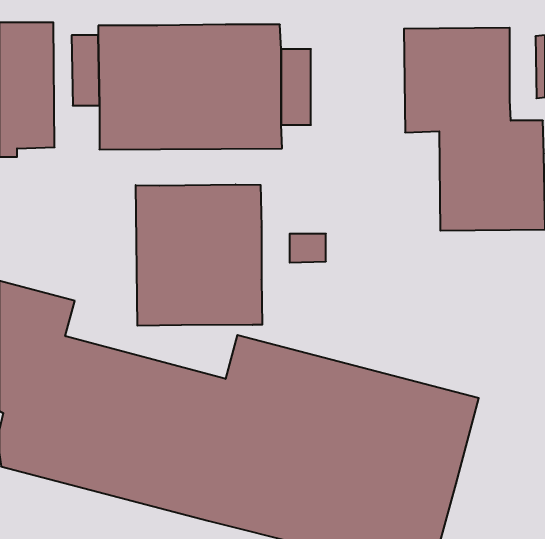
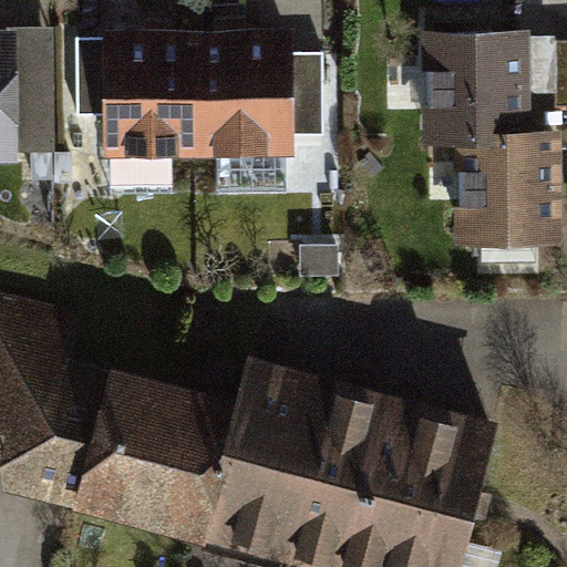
building: [136,184,262,326] -> none

